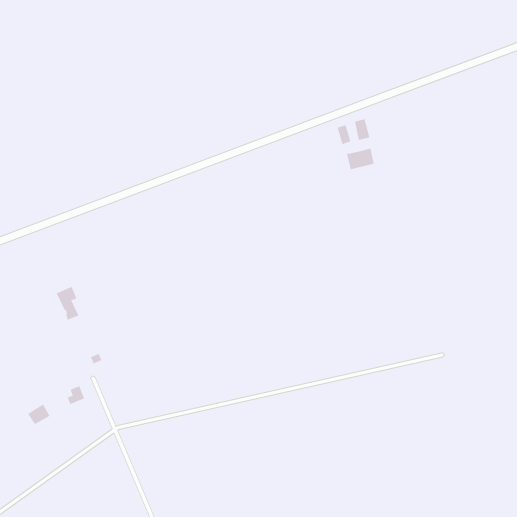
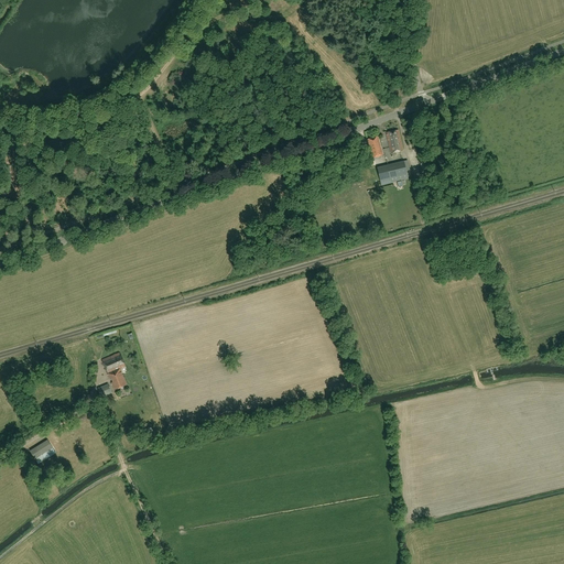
building: [56,286,79,321] -> [101,352,127,390]

